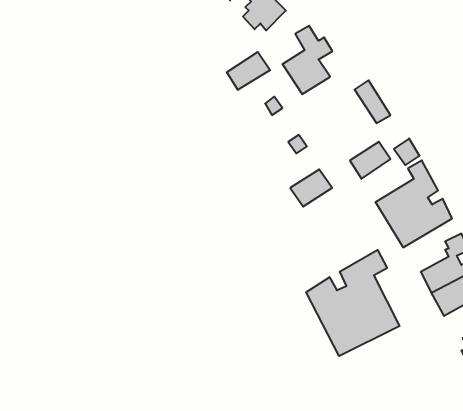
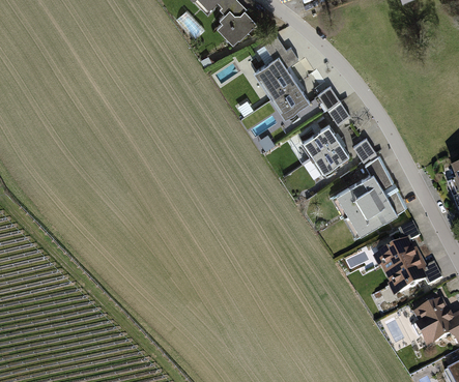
building: [227,52,270,90] -> none
building: none -> [270,82,309,118]
building: [290,169,332,207] -> [302,123,339,156]
building: [306,250,400,356] -> none

